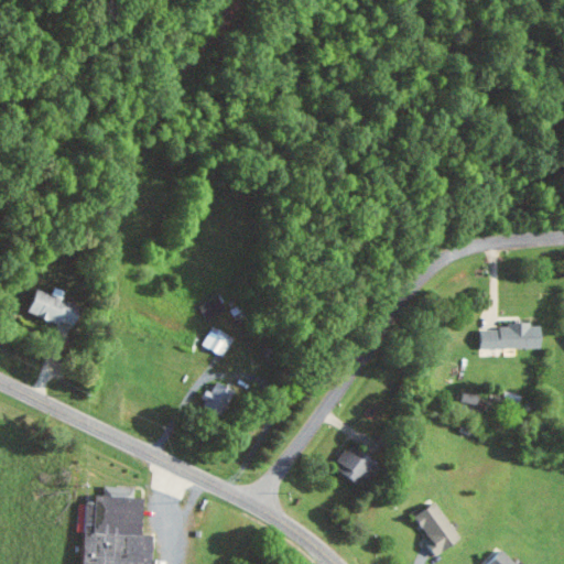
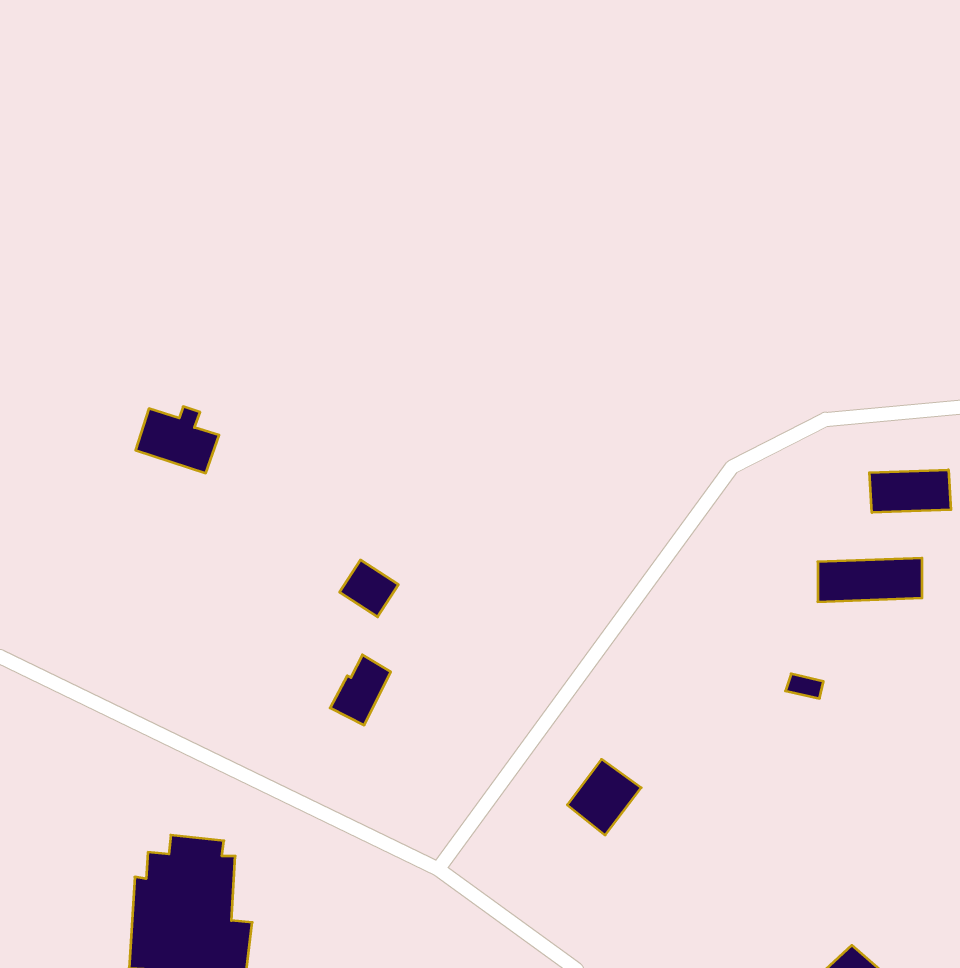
building: none -> [869,470,951,513]
building: [25,288,74,326] -> [136,407,219,473]
building: [413,502,459,556] -> none

